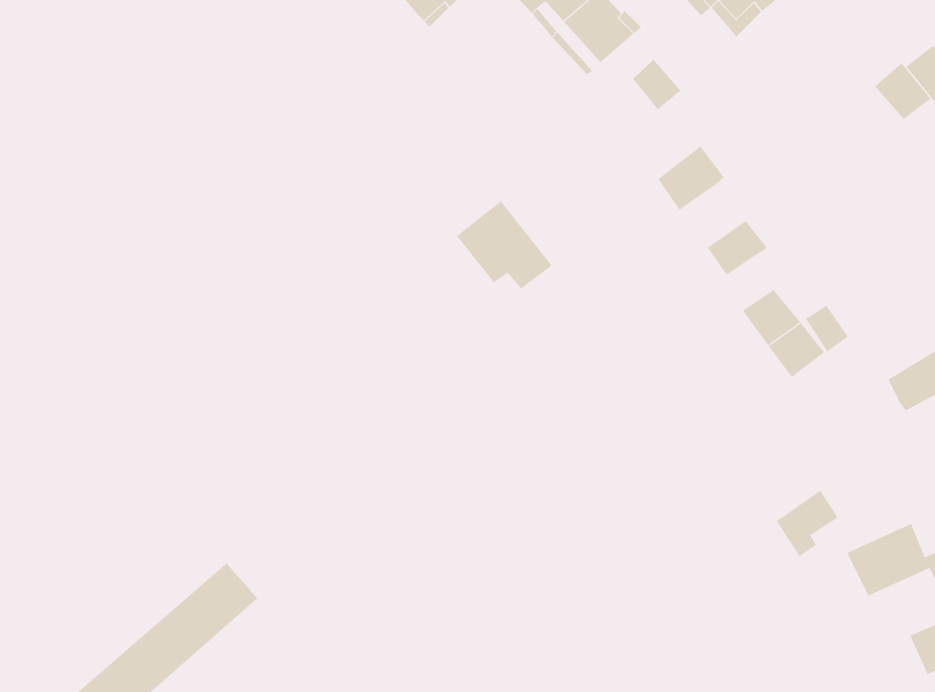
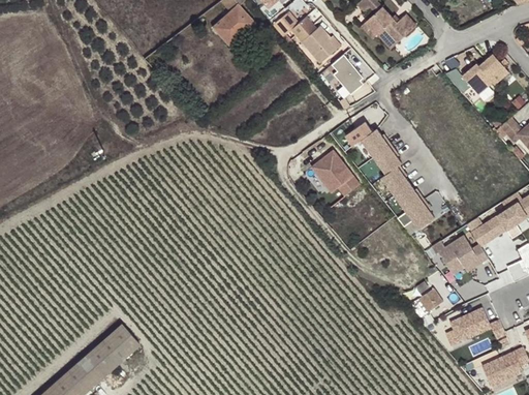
building: none -> [360,126,395,160]
building: [456,201,552,289] -> [310,148,361,194]
building: none -> [381,165,409,193]
building: none -> [430,232,487,277]

